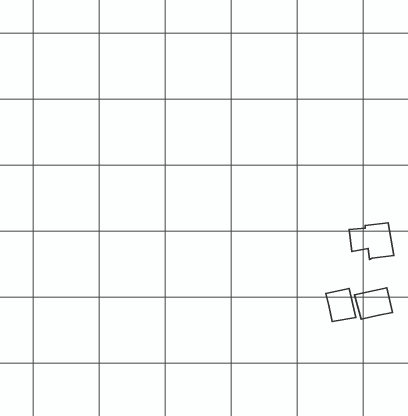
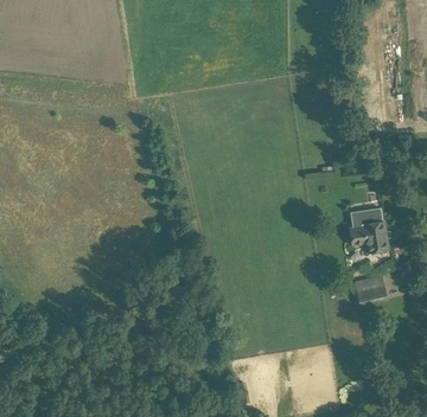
building: [326,288,356,321] -> none

